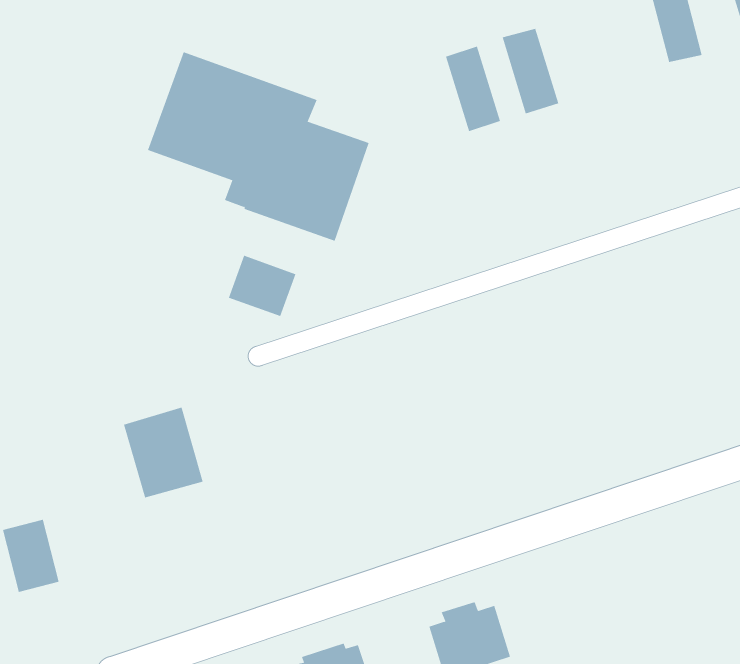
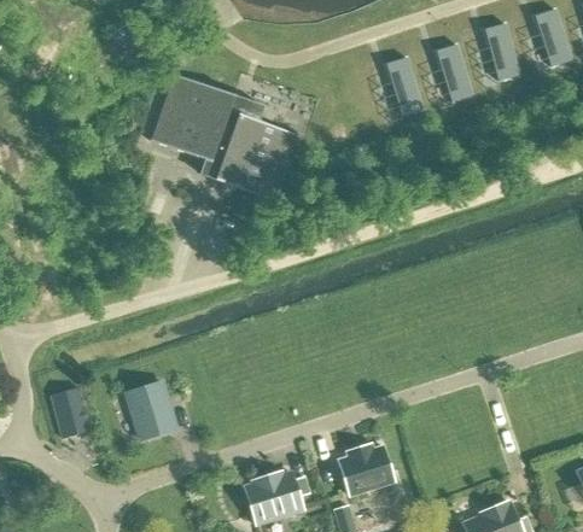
building: [445,46,501,132] -> [437,43,474,101]
building: [228,255,296,317] -> none
building: [123,407,204,498] -> [126,379,180,440]

